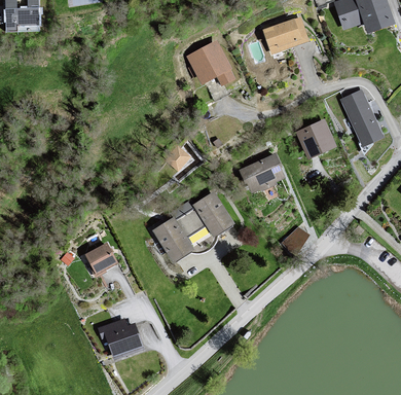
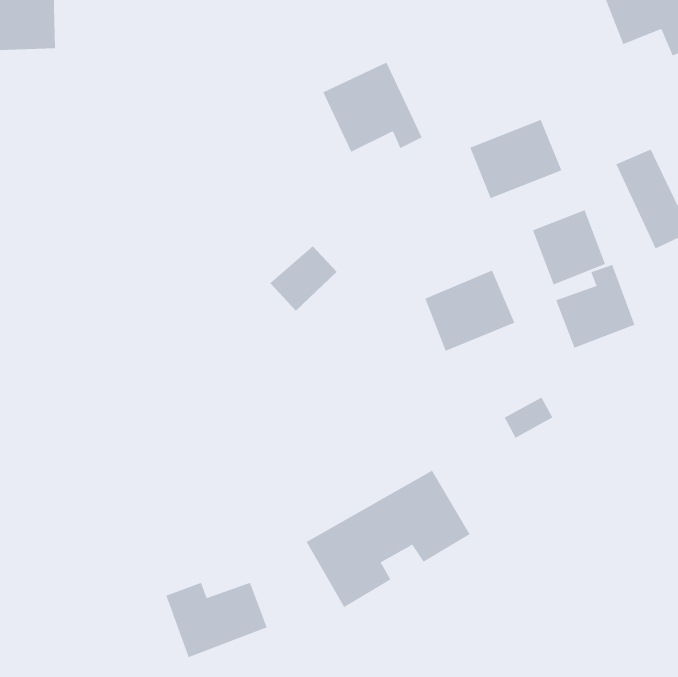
building: [262,15,313,59] -> [469,119,562,199]
building: none -> [556,264,635,348]
building: [148,189,238,264] -> [306,470,470,608]
building: [87,246,119,280] -> none

